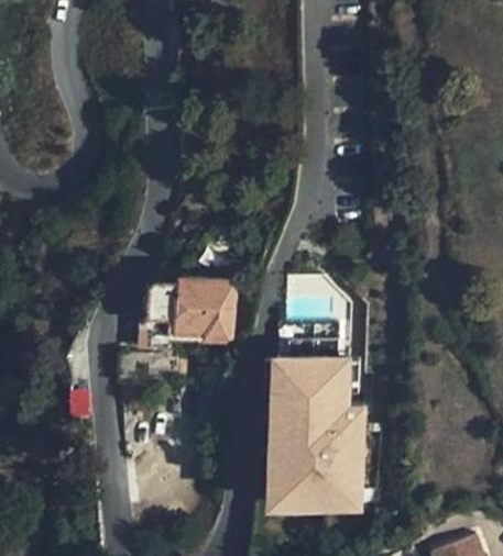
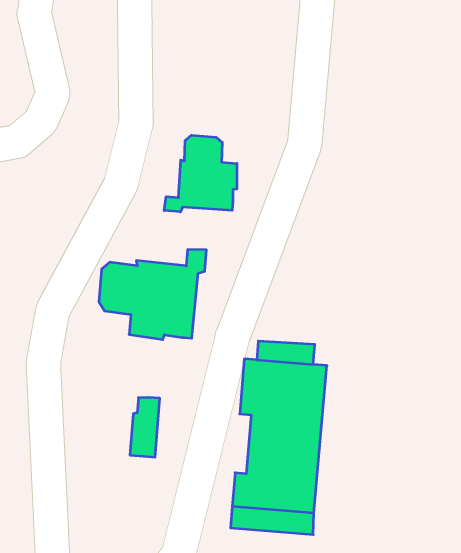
building: none -> [164,135,237,212]
building: [267,411,289,463] -> [130,397,160,457]

